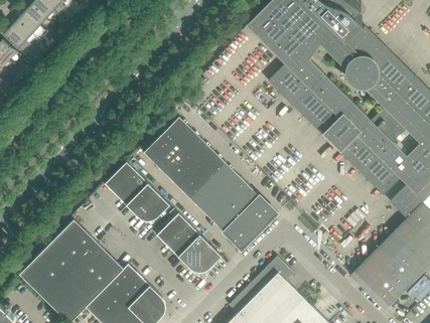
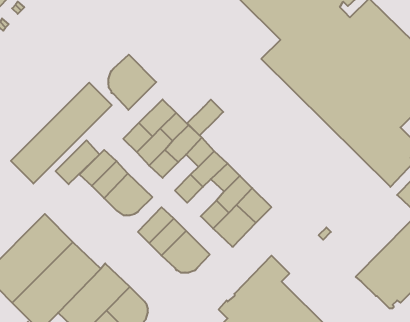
building: none -> [109,55,156,110]
building: none -> [11,83,112,184]
building: none -> [56,140,99,184]
building: [179,166,211,198] -> [187,100,223,136]
building: [201,188,235,221] -> none

